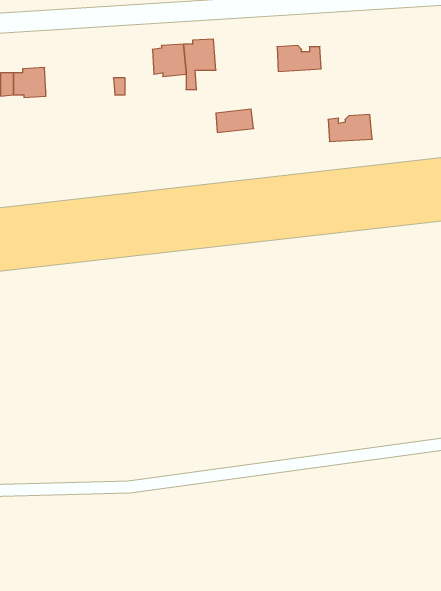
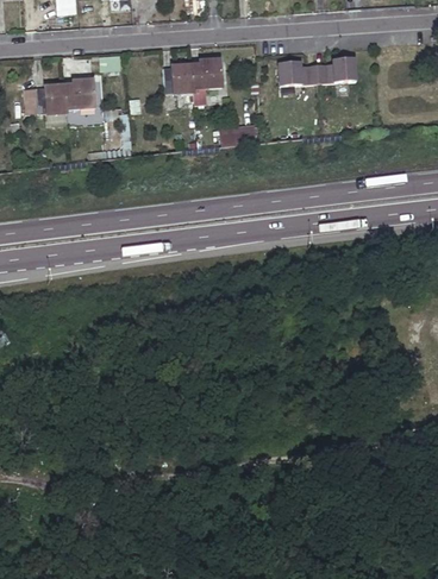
building: none -> [65,78,95,107]
building: [328,114,372,142] -> [318,61,358,86]

